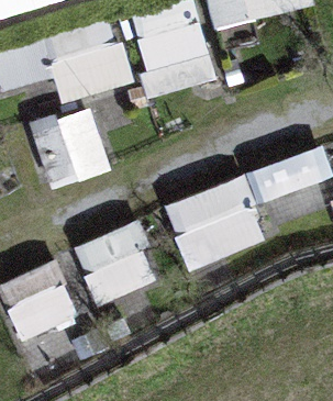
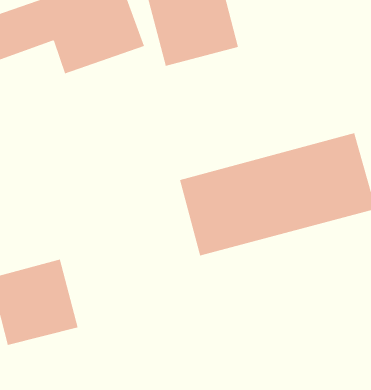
building: [29,103,111,190] -> none
building: [75,224,157,305] -> none

